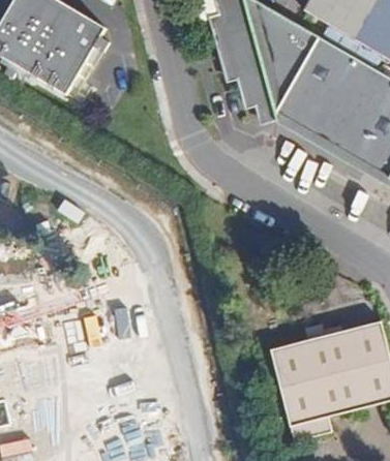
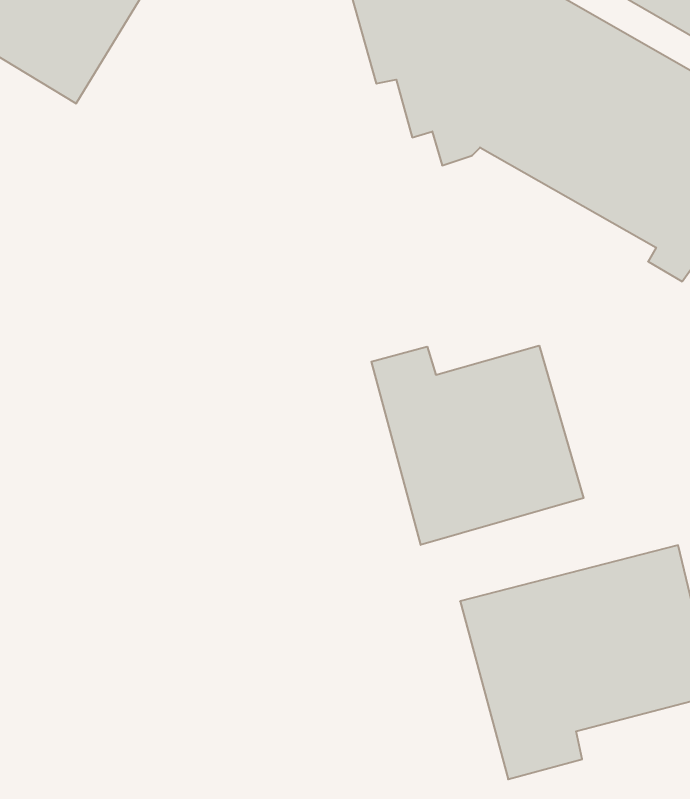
building: none -> [371,346,584,545]

